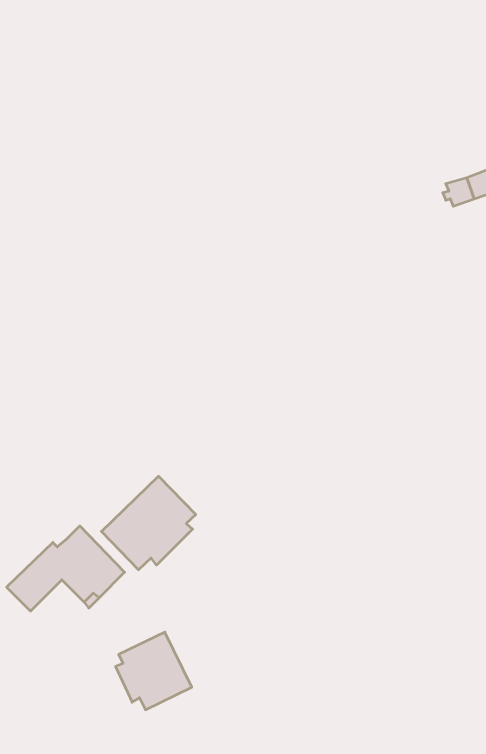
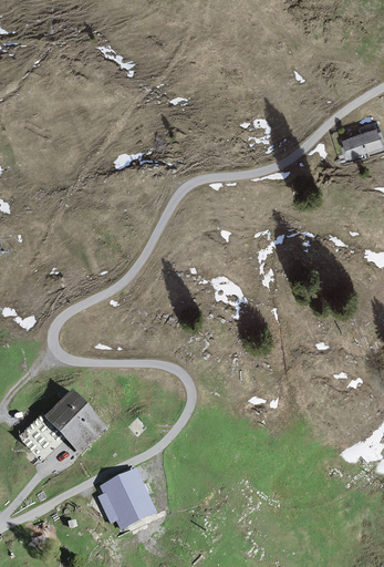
building: [101,476,196,570] -> none

